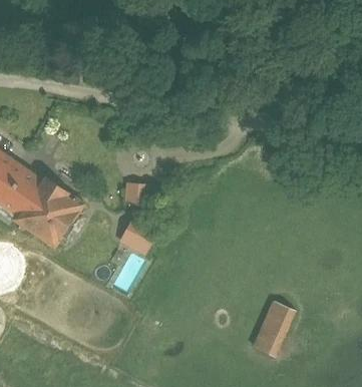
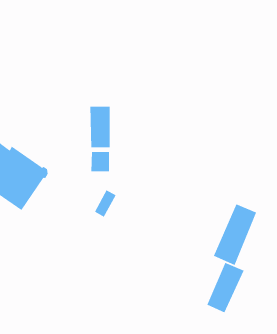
building: none -> [90,106,110,148]
building: none -> [213,203,257,266]

